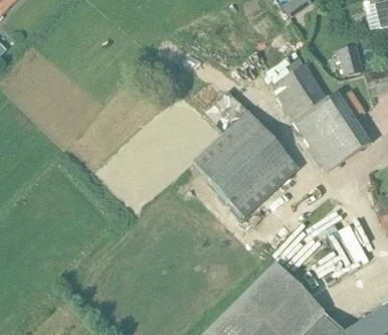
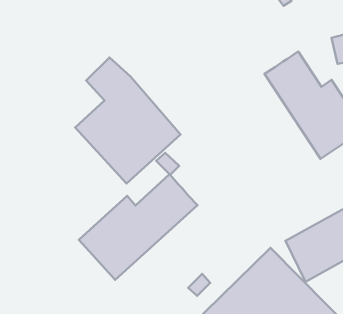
building: [193,91,299,217] -> [75,57,180,184]
building: none -> [79,175,198,280]

